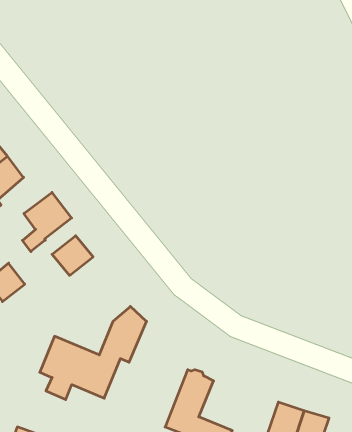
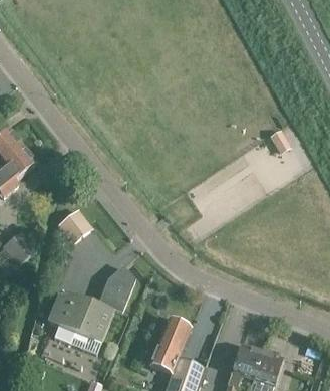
building: [22,192,72,252] -> none

